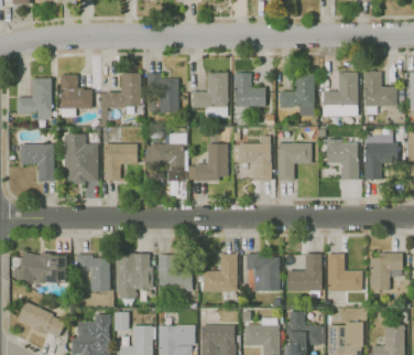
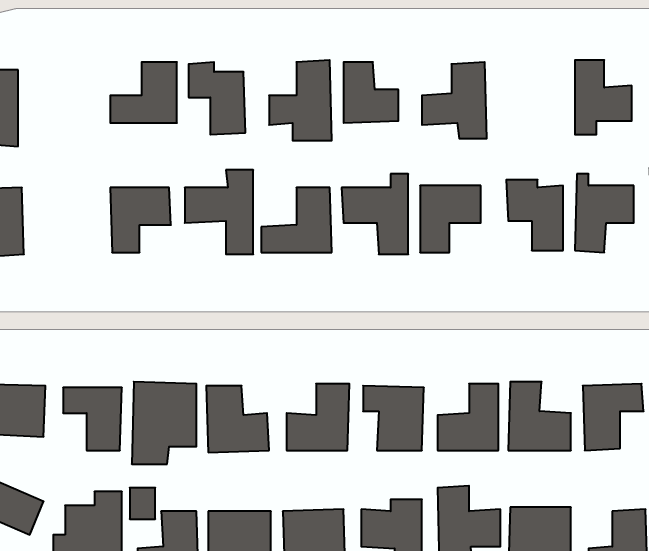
building: [323,72,358,116] -> none
building: [59,74,92,117] -> none
building: [63,133,99,183] -> none

